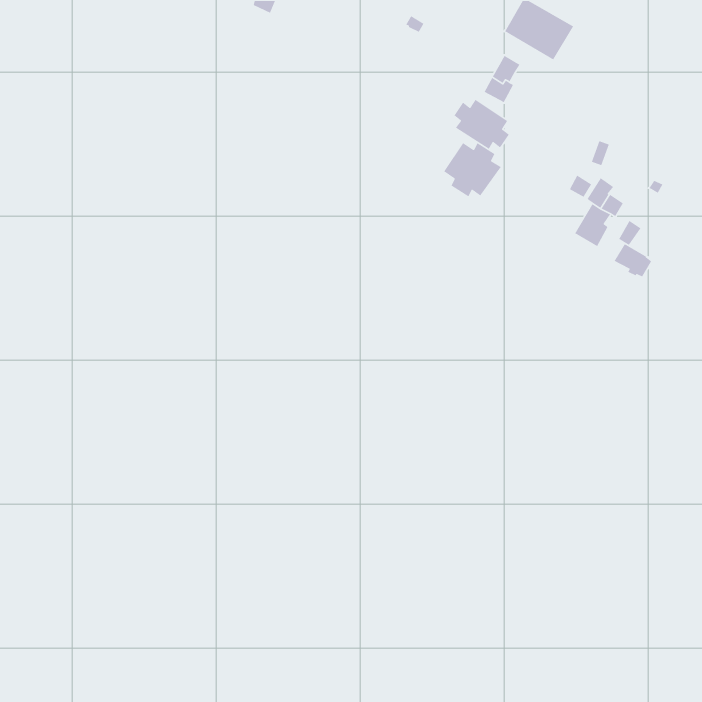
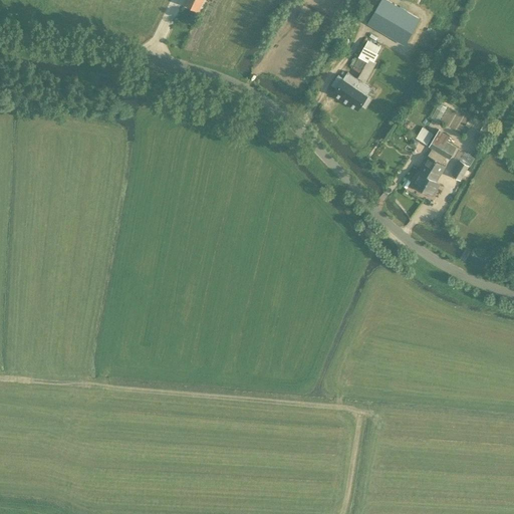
building: [443,142,502,198] -> none
building: [614,243,652,278] -> [412,171,440,196]

